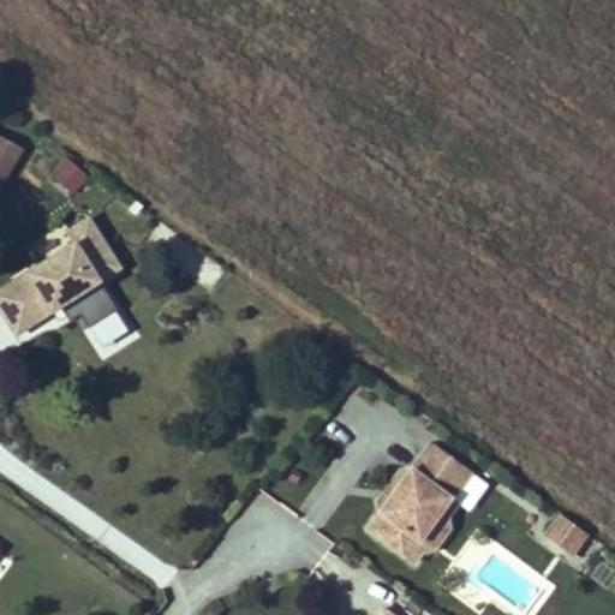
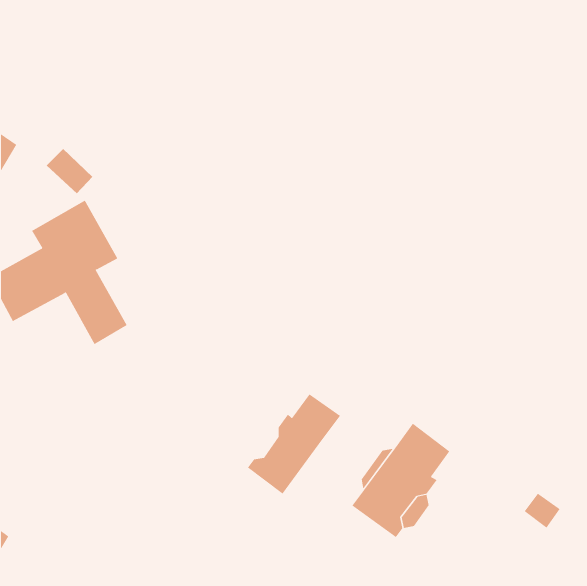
building: none -> [247,393,341,495]

